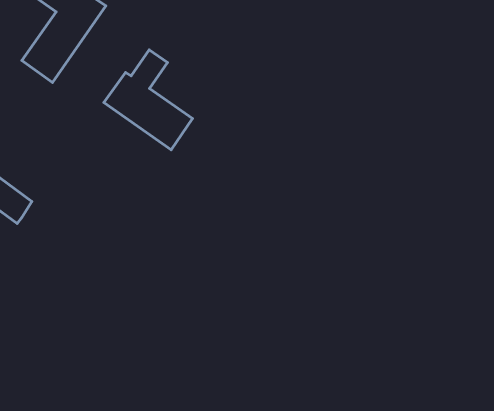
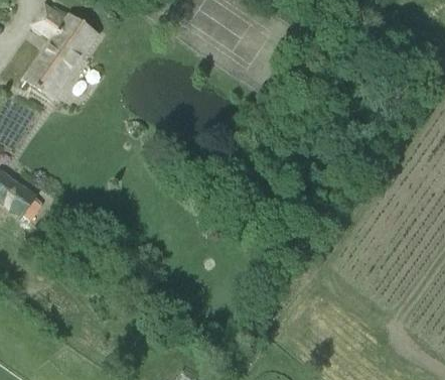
building: [104,50,193,150] -> none

